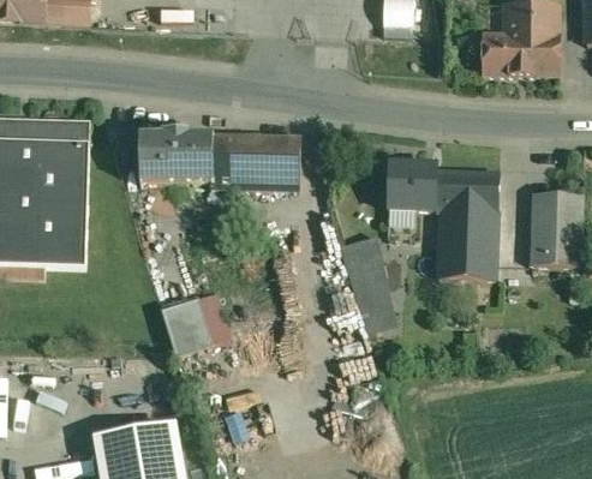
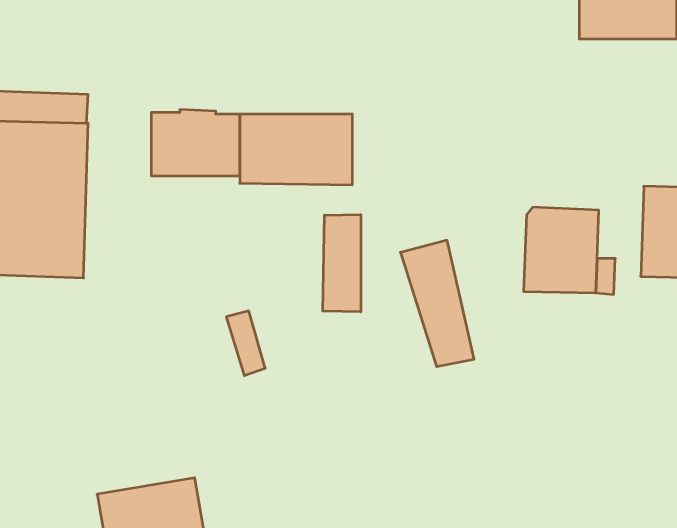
building: [385,161,497,211] -> none
building: none -> [323,215,361,312]
building: [162,297,213,354] -> none

